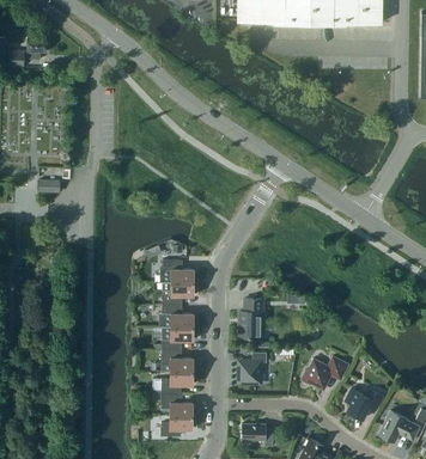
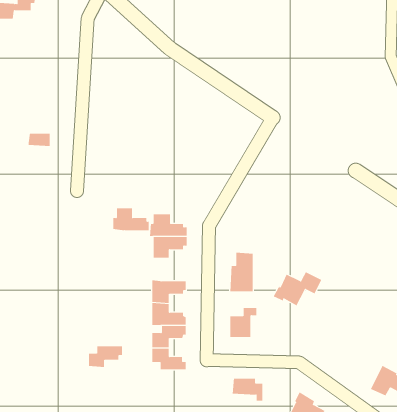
building: [159,305,196,328] -> [112,208,150,231]
building: [300,356,349,391] -> [273,271,322,306]
building: [346,390,383,420] -> none
building: [162,416,196,437] -> [88,346,123,368]

